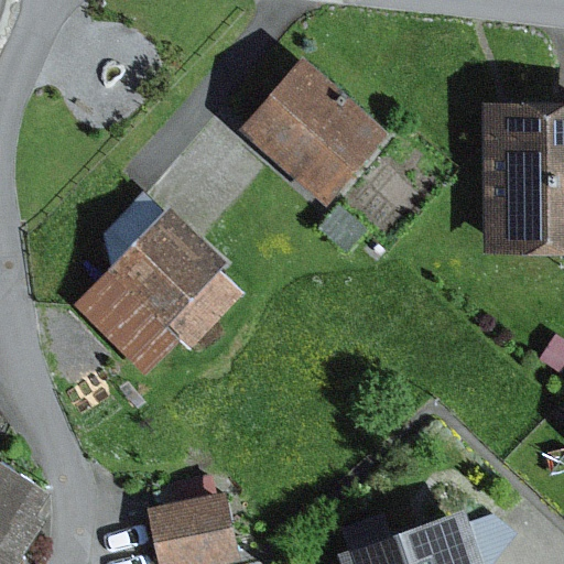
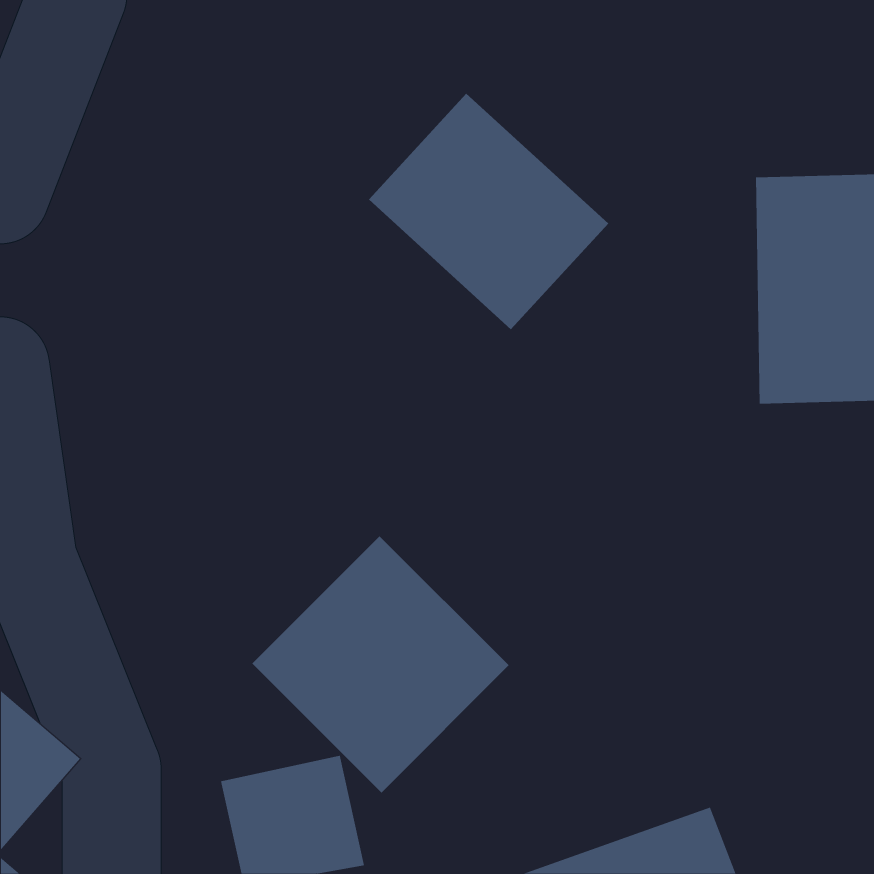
building: [73,213,231,371] -> none
building: none -> [251,536,510,793]

